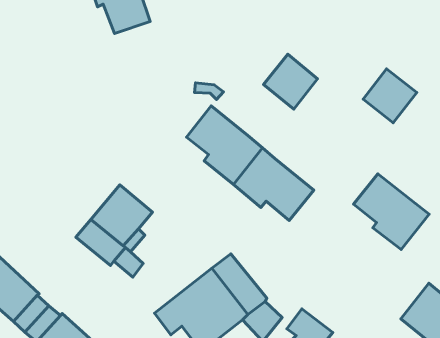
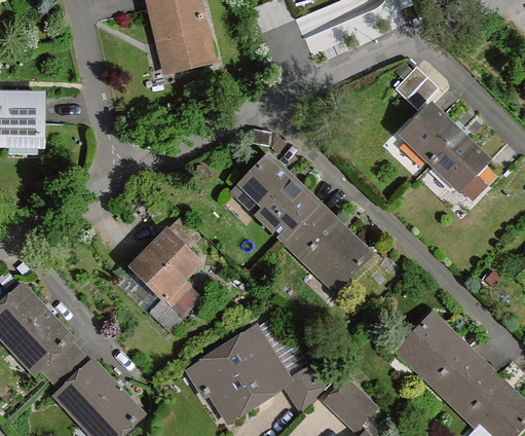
building: none -> [395,68,438,110]
building: [263,54,317,109] -> [401,105,458,164]
building: [353,174,429,250] -> [404,317,483,399]

